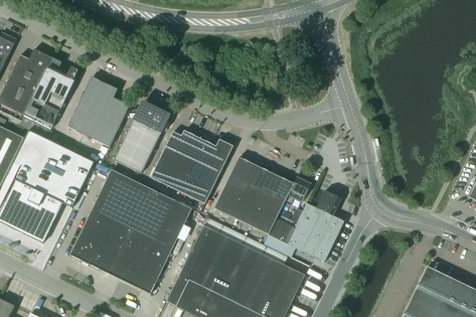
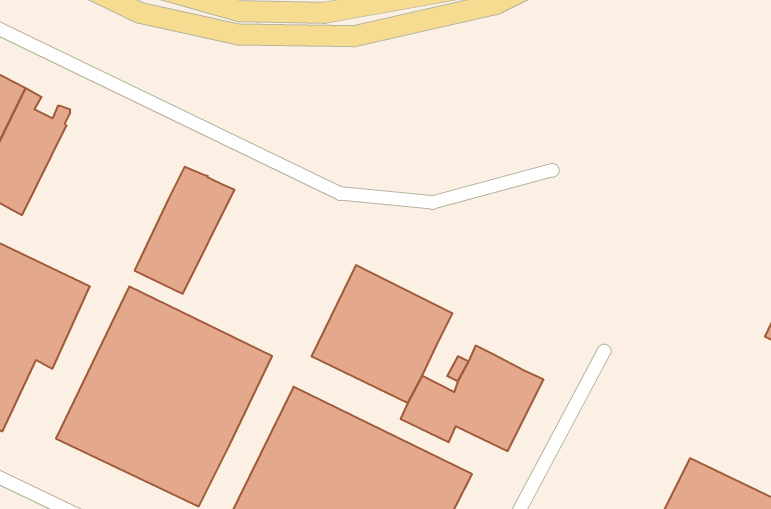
building: [67,77,130,147] -> none
building: [150,131,232,203] -> none
building: [284,177,311,205] -> none
building: [316,190,341,216] -> none

